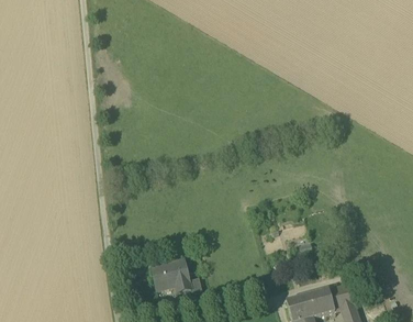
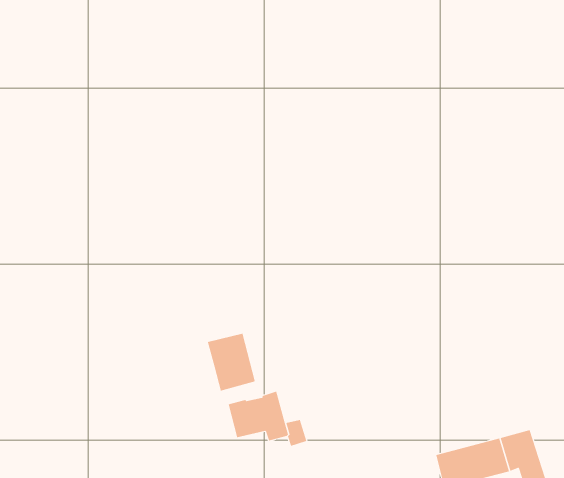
building: none -> [207,333,255,392]

